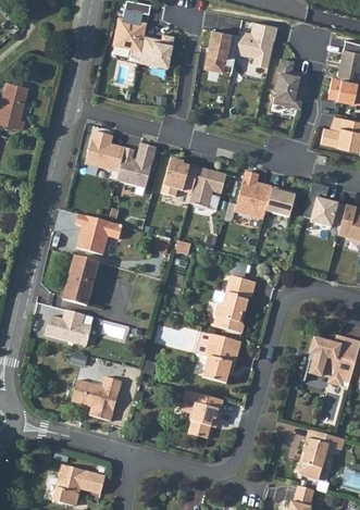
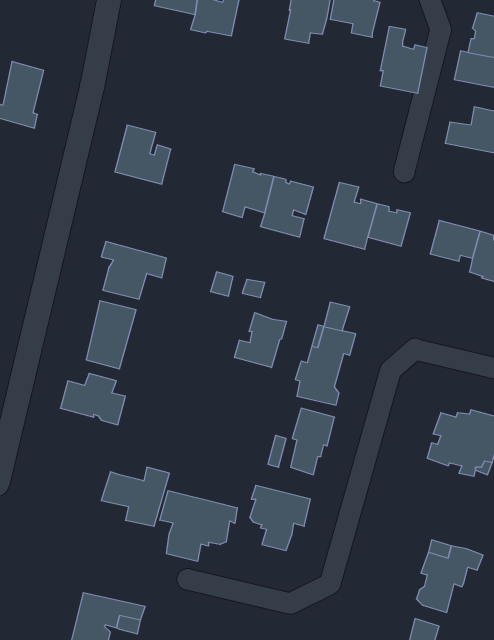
building: [114,144,154,188] -> none
building: none -> [235,313,286,368]
building: none -> [160,491,237,561]

